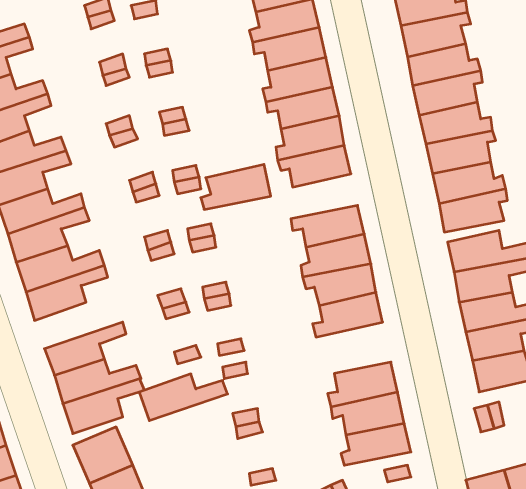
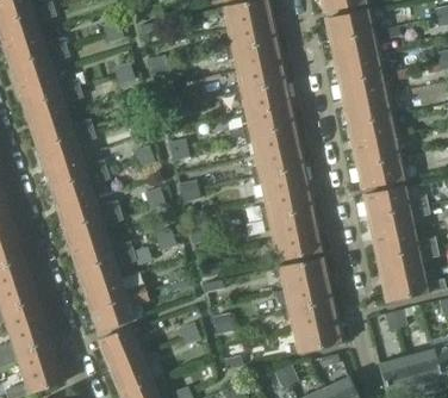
building: [201,164,271,209] -> [251,145,301,178]
building: none -> [273,259,325,288]
building: [139,374,228,421] -> [70,237,133,270]

